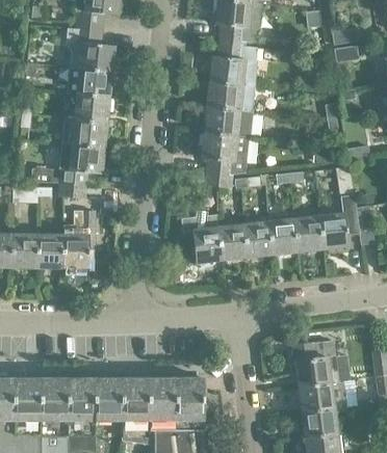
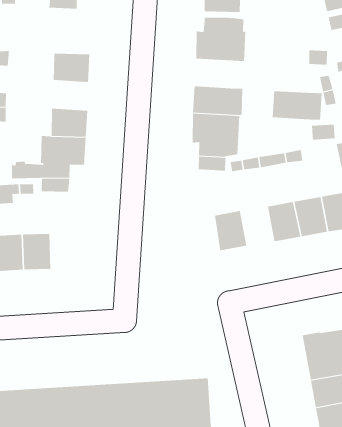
building: [67,27,114,71] -> none
building: [207,81,256,111] -> [272,91,323,120]
building: [73,92,109,123] -> none
building: [63,211,95,268] -> none
building: [182,211,222,264] -> none
building: [243,222,273,258] -> none

